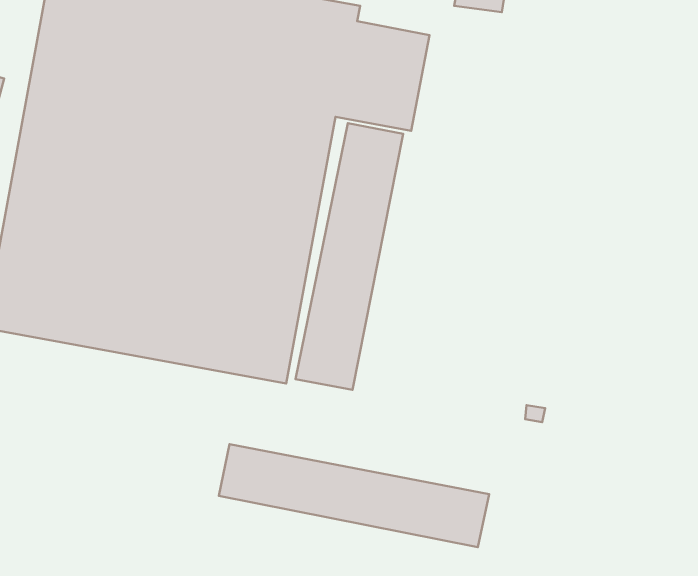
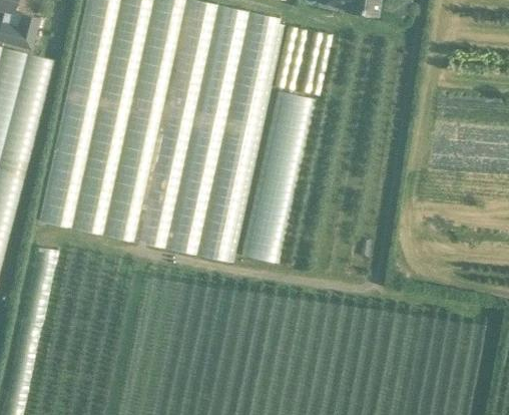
building: [219,444,489,547] -> none

